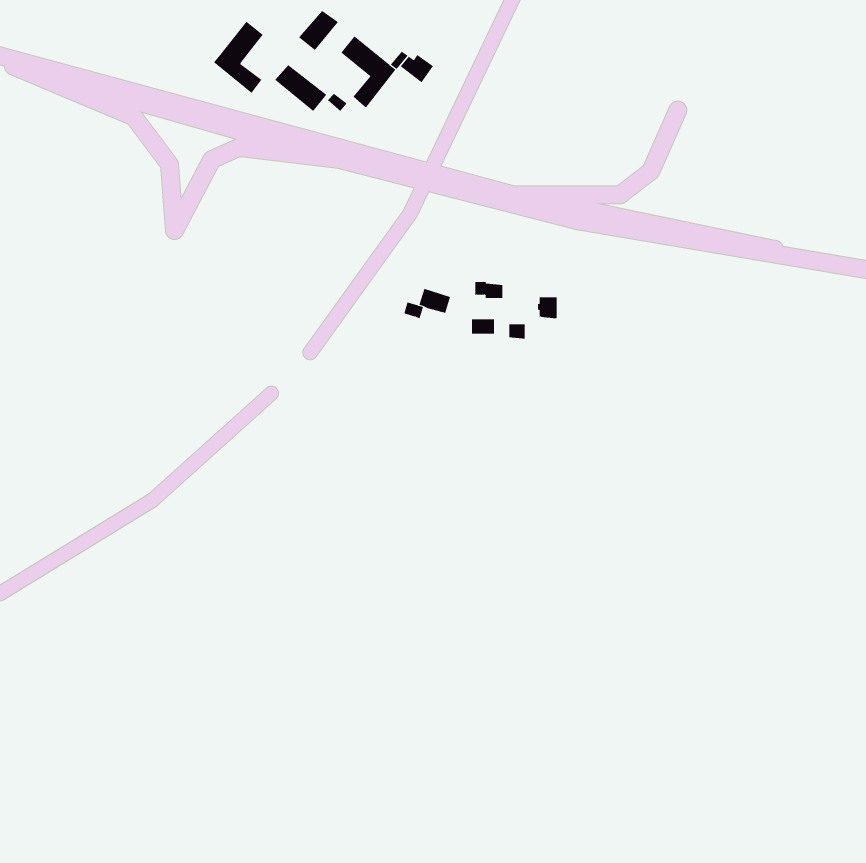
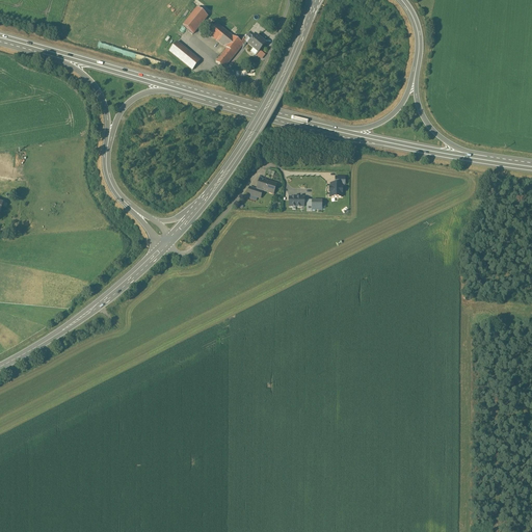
building: [213,21,263,94] -> none

